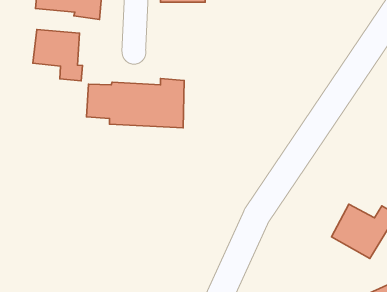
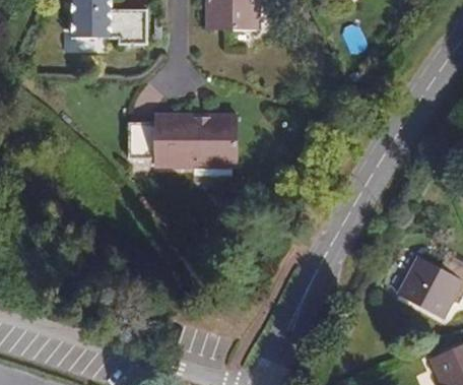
building: [33,29,83,81] -> none

